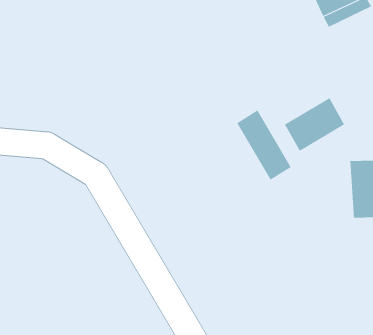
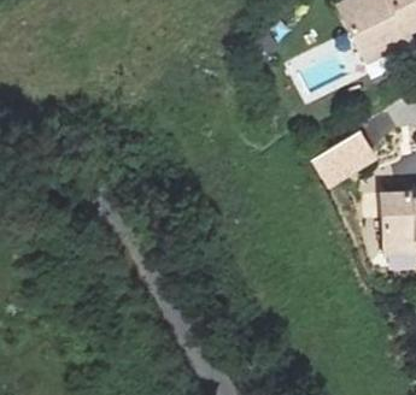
building: [236,110,291,181] -> none

